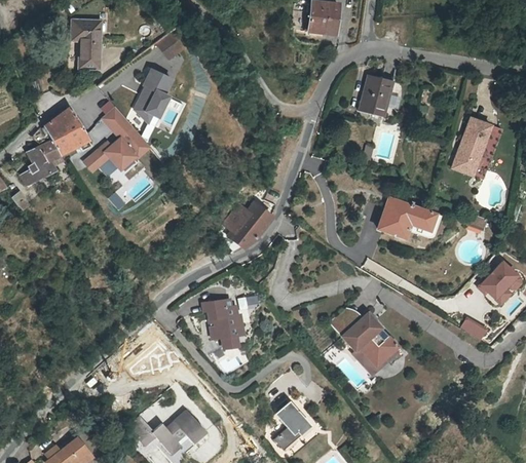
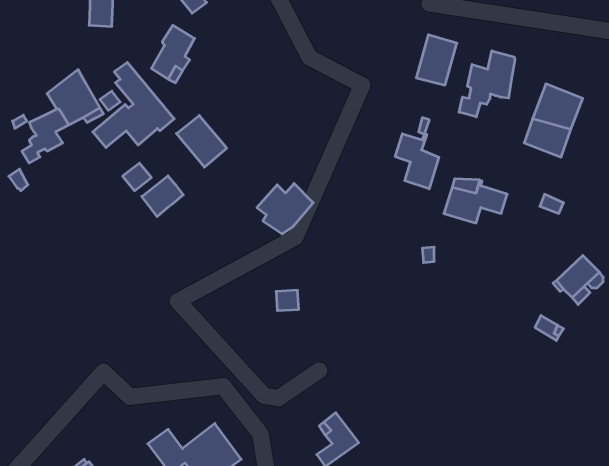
building: none -> [459,51,515,117]
building: none -> [176,115,227,167]
building: none -> [395,134,439,189]
building: none -> [142,176,183,217]
building: [206,302,241,349] -> none
building: [329,308,401,376] -> none

